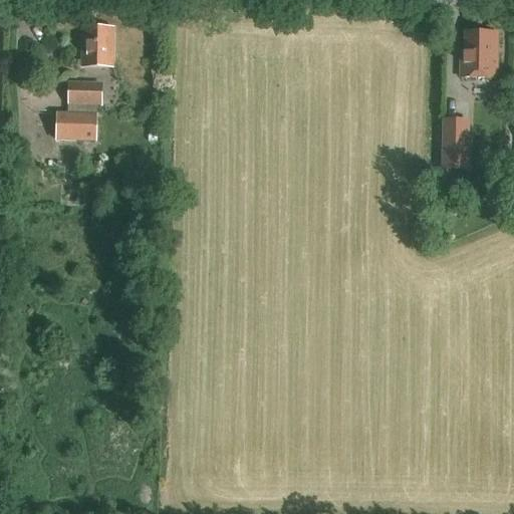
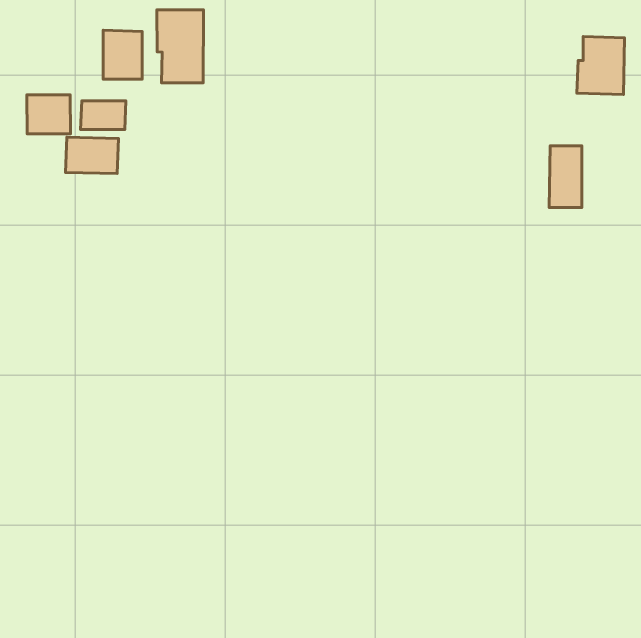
building: none -> [157,10,203,83]
building: none -> [27,95,71,134]

